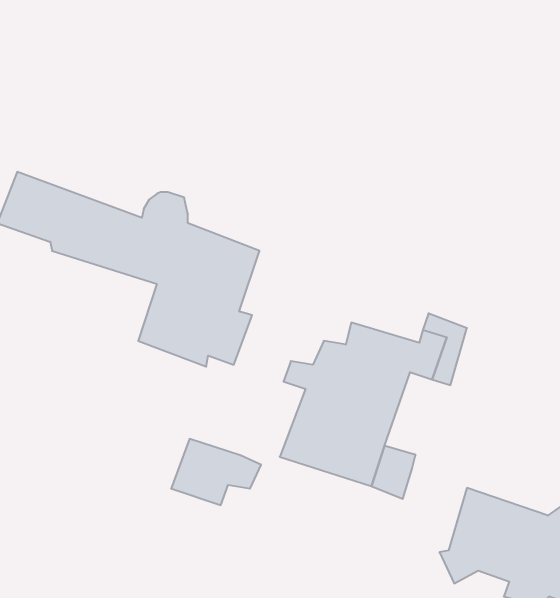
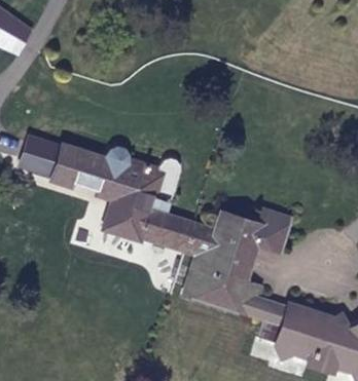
building: [171,439,261,505] -> [157,213,208,250]
building: none -> [252,299,288,345]

